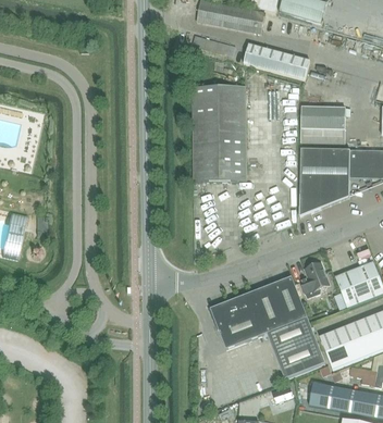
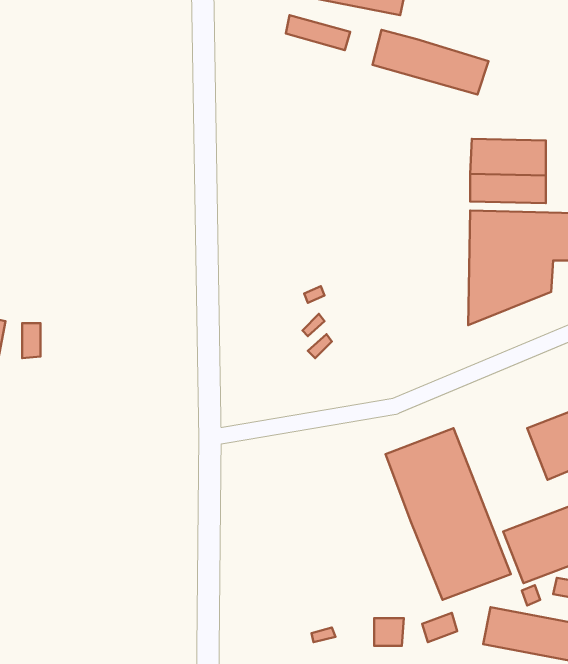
building: [192,86,246,181] -> none
building: [299,261,329,297] -> none
building: [209,291,265,348] -> none

